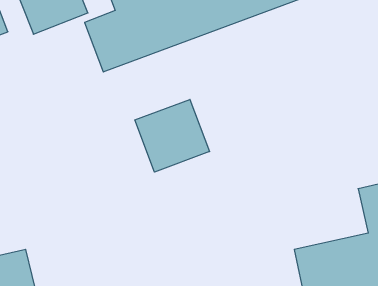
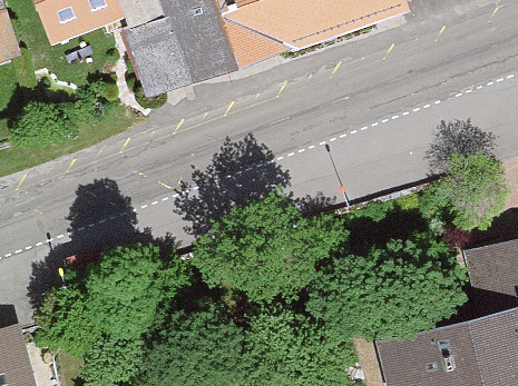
building: [135,99,210,172] -> none

